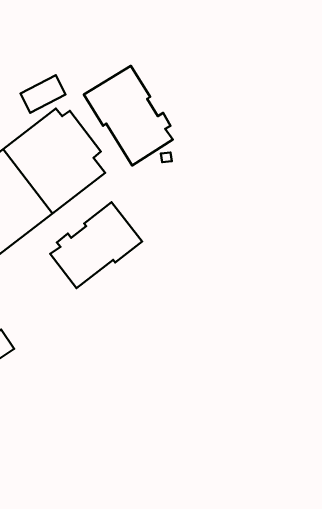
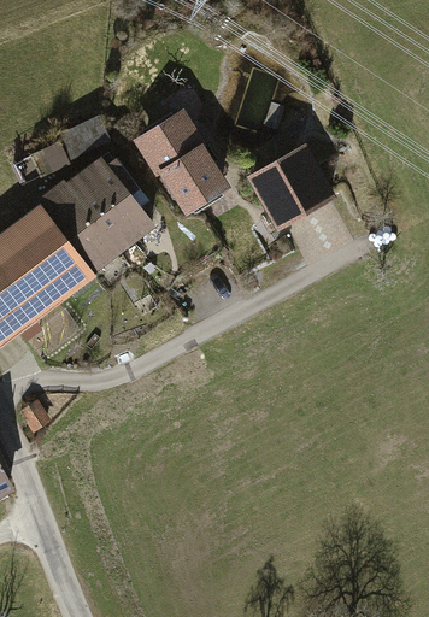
building: none -> [246,143,336,233]
building: [50,202,142,288] -> none

